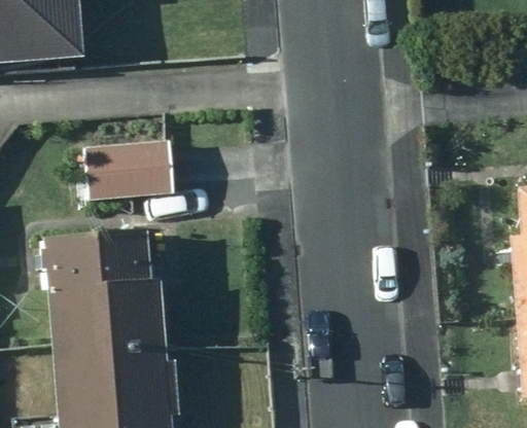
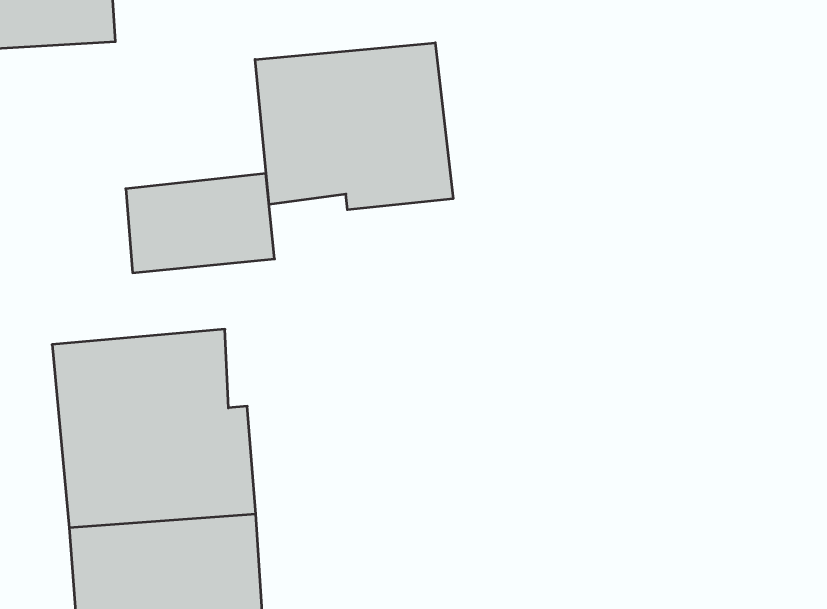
building: none -> [255,43,453,210]

